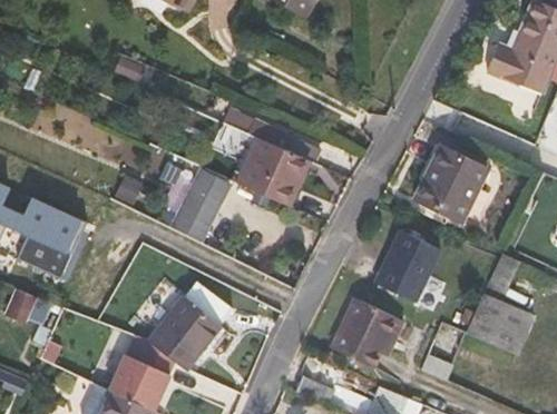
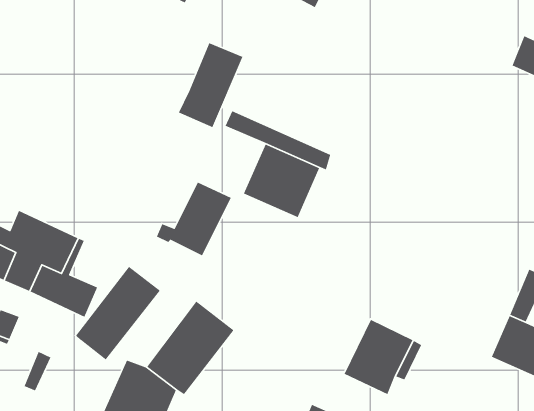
building: none -> [178,42,244,128]
building: [413,146,483,219] -> none
building: [374,229,442,303] -> none
building: none -> [75,266,161,361]

